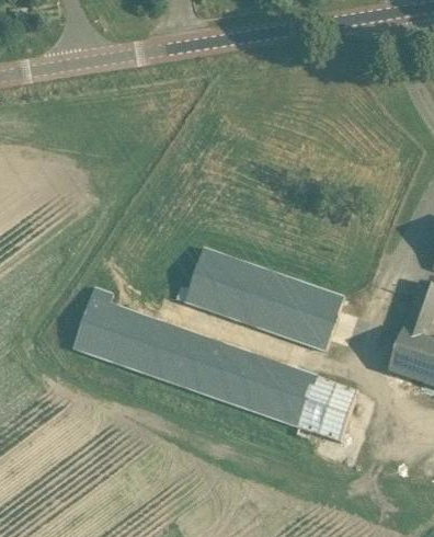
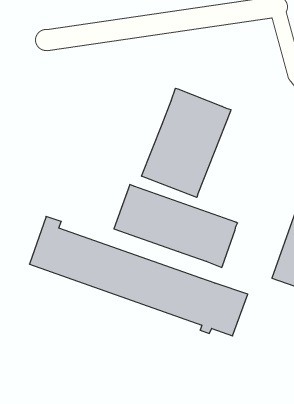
building: none -> [142,88,231,197]

